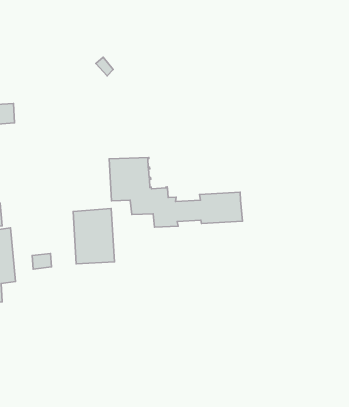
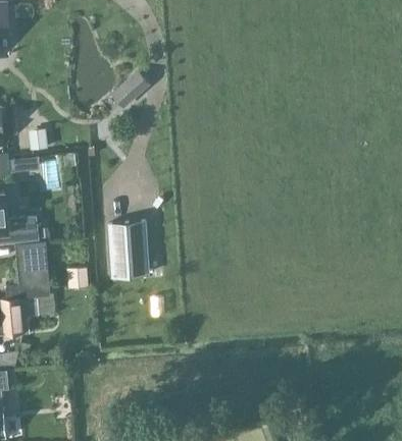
building: [109,158,242,227] -> none

